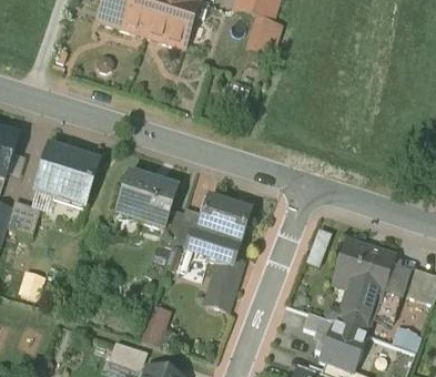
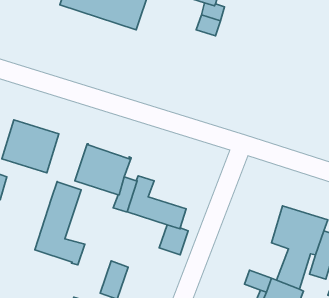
building: [196,196,250,243] -> none
building: none -> [35,182,85,265]

